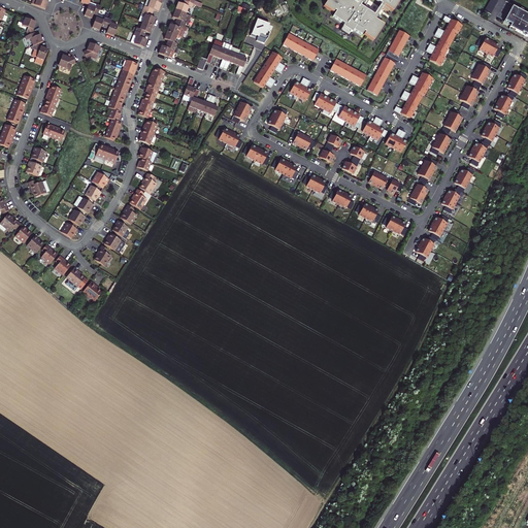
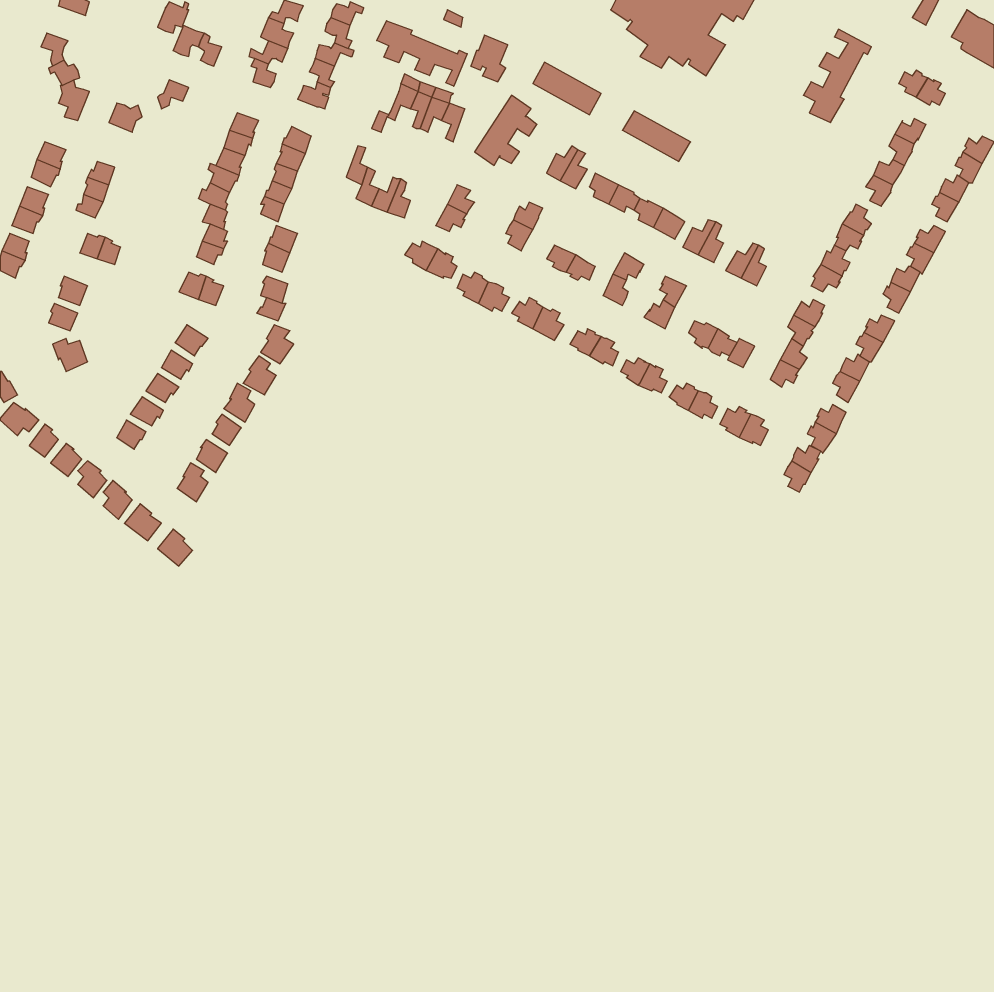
building: none -> [377,21,467,86]
building: [366,30,411,95] -> none
building: [394,72,433,119] -> none

